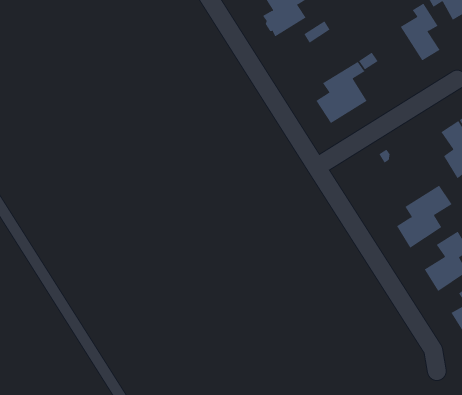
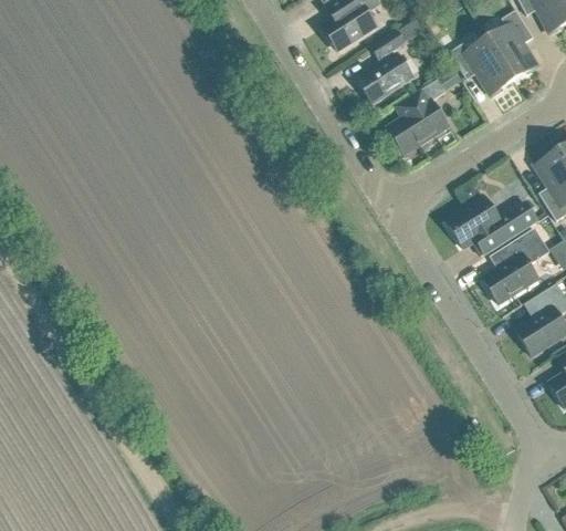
building: none -> [450,39,514,94]
building: none -> [357,53,413,104]
building: none -> [447,197,537,248]

